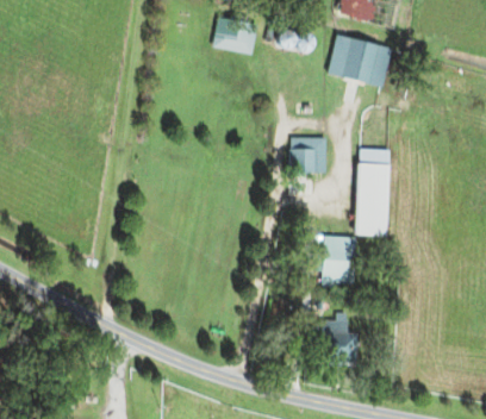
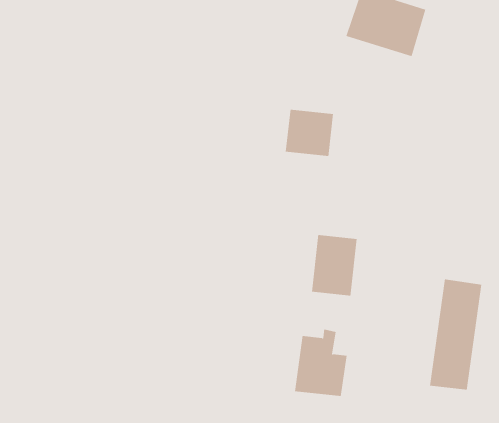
building: [355,148,388,234] -> [429,279,482,390]

